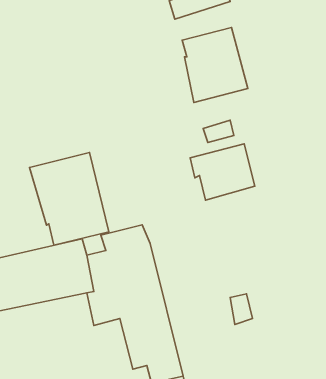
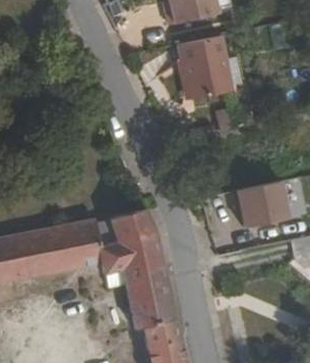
building: [190,144,255,200] -> [234,178,290,228]
building: [29,153,109,245] -> none

